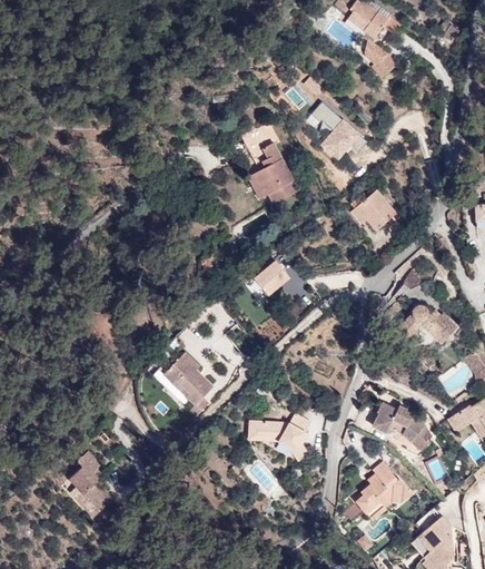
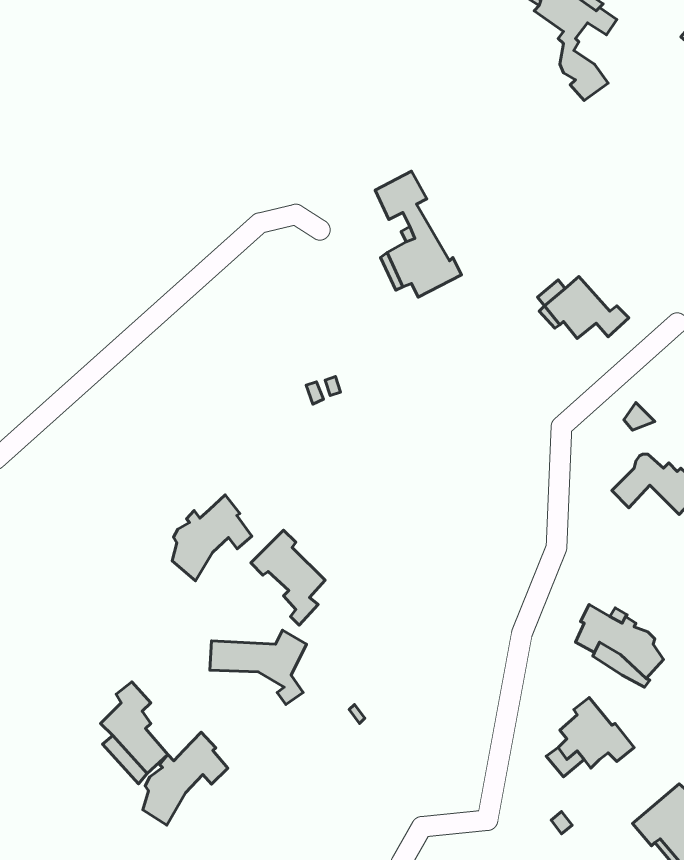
building: [310,101,367,158] -> none
building: [255,264,287,295] -> none
building: none -> [172,495,252,581]
building: [248,413,310,461] -> [210,630,307,705]
building: none -> [143,732,228,825]

